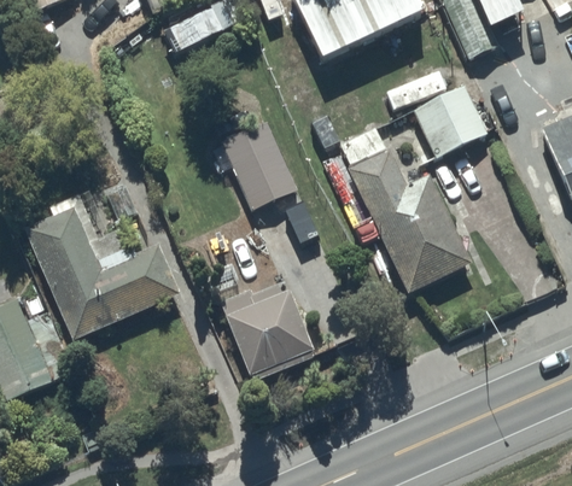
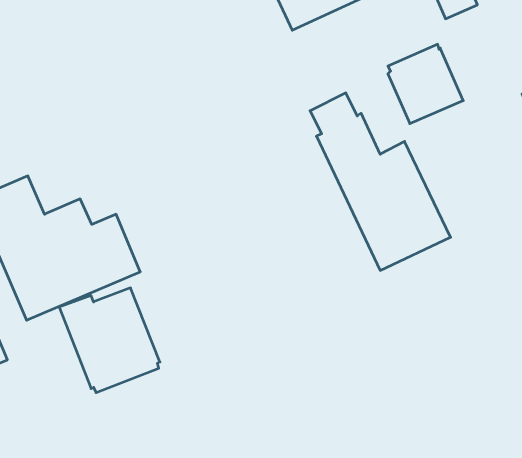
building: [210,116,297,207] -> none
building: [218,281,314,380] -> [59,288,160,393]

